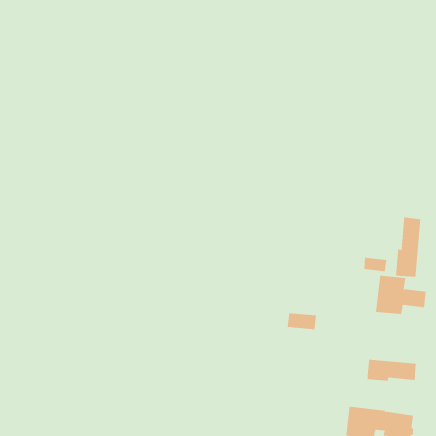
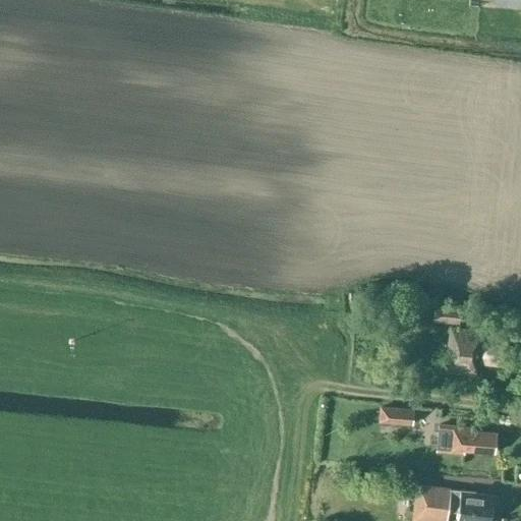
building: [395,217,421,278] -> none
building: [287,313,317,330] -> [381,406,416,426]

